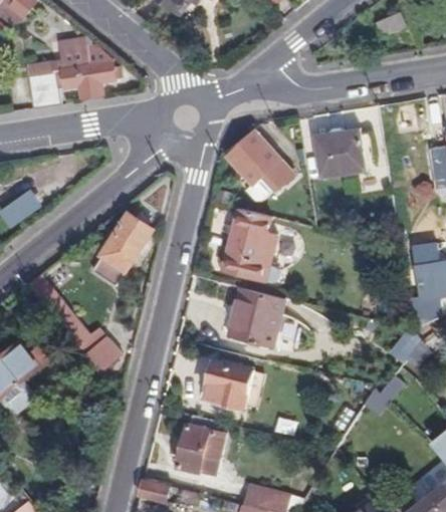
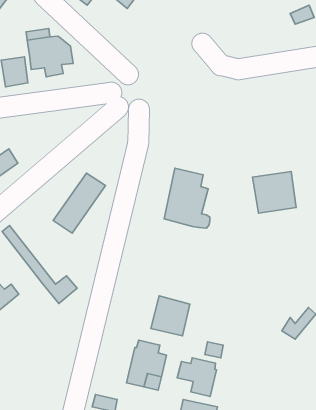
building: [313,127,366,178] -> [253,171,296,213]
building: [226,131,291,188] -> none
building: [228,286,284,345] -> none
building: none -> [177,358,217,396]

